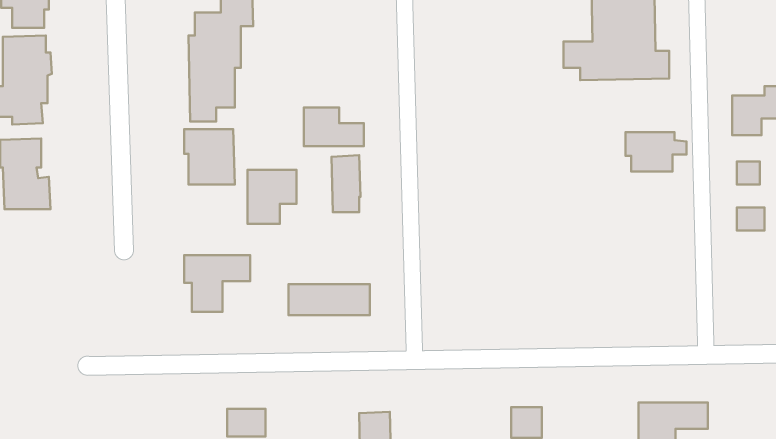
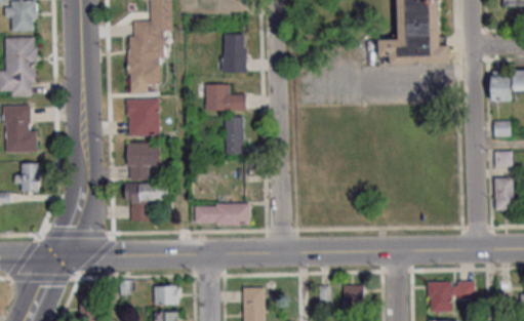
building: none -> [220,34,246,74]
building: [625,132,686,171] -> none
building: [248,170,297,224] -> [127,145,160,180]
building: none -> [22,163,40,192]
building: none -> [494,178,514,212]

